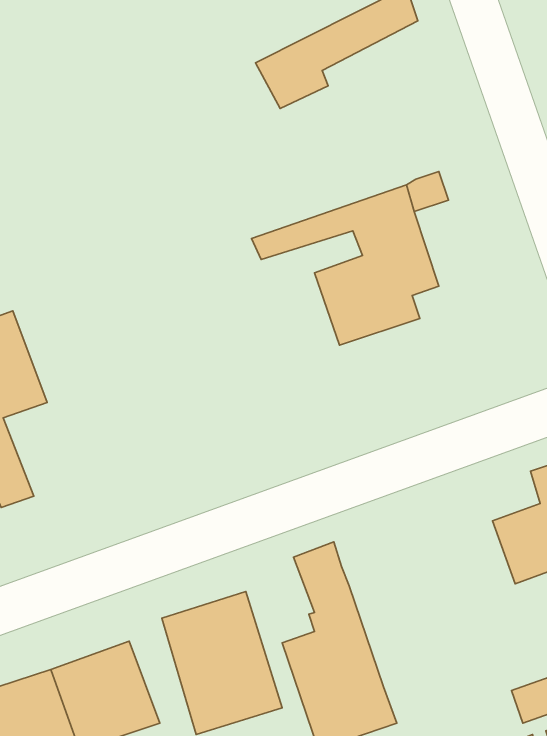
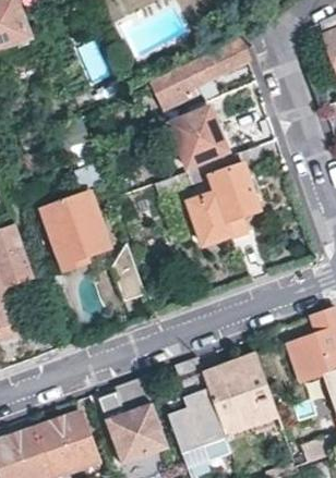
building: none -> [168,109,227,169]
building: none -> [40,194,145,303]
building: none -> [203,353,279,439]

